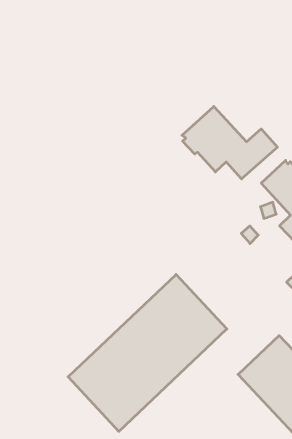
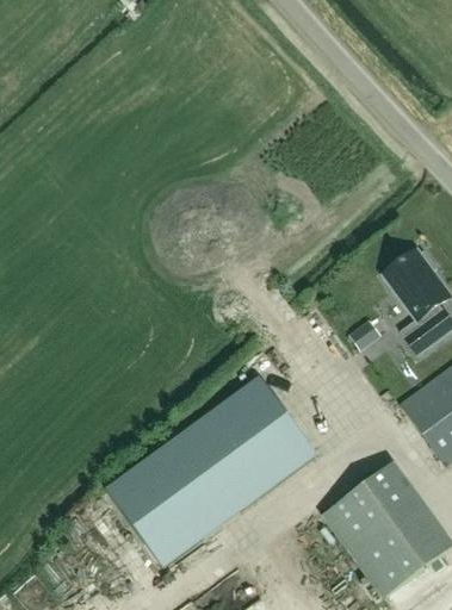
building: [182,106,277,179] -> none

